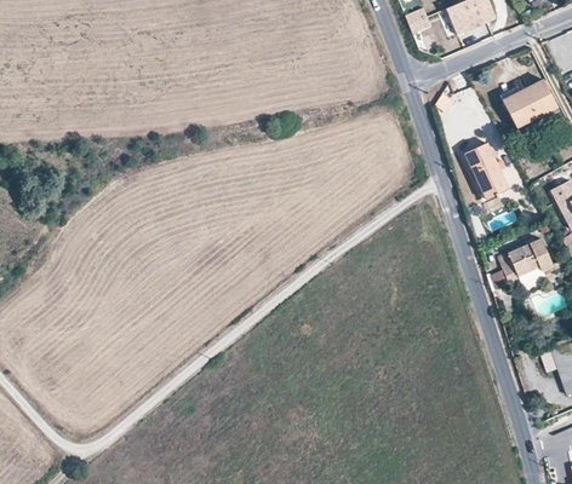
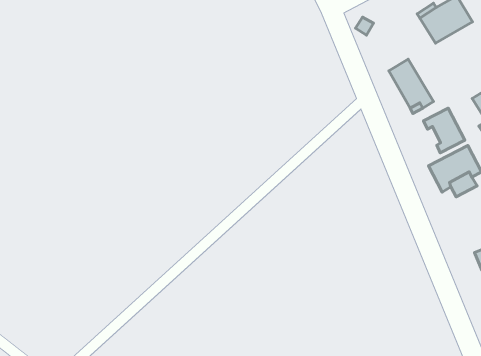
building: none -> [424,108,465,153]

